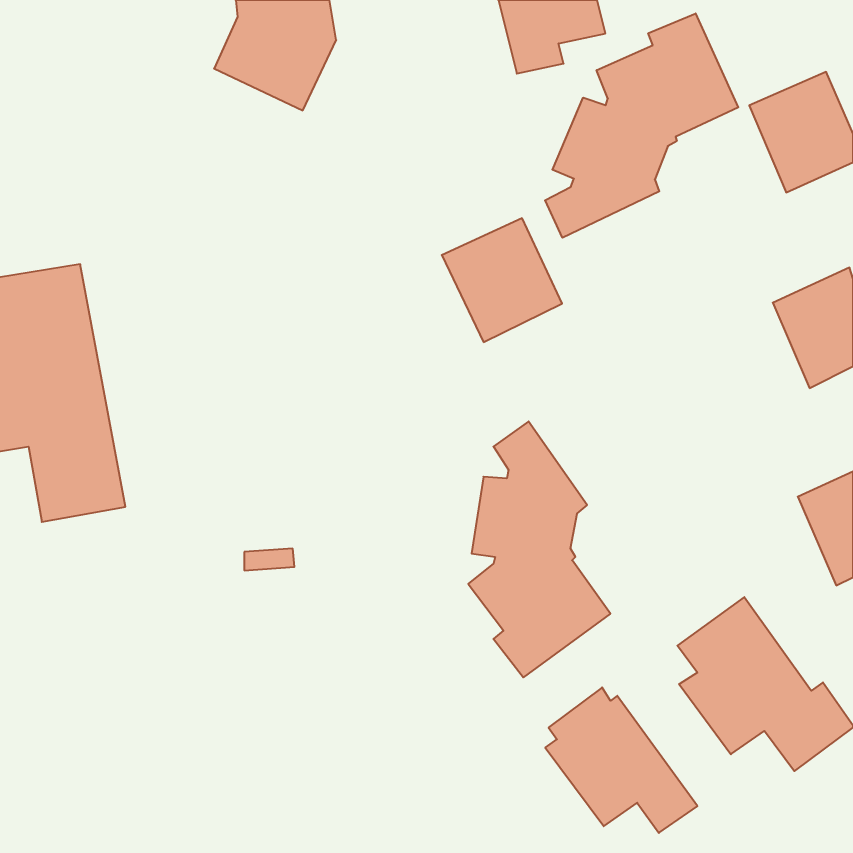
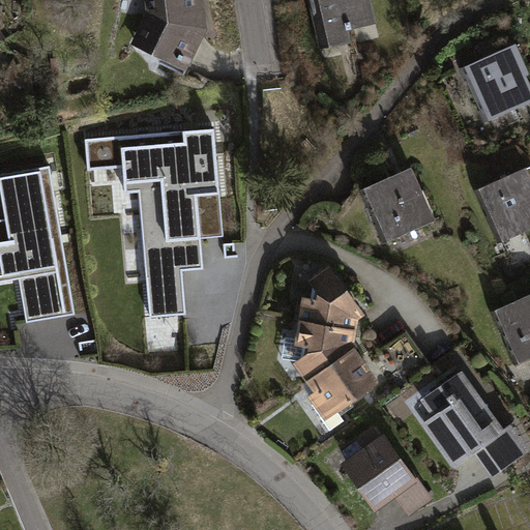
building: [545,13,738,238] -> none
building: none -> [89,132,226,318]
building: [442,218,562,342] -> [360,165,435,241]

